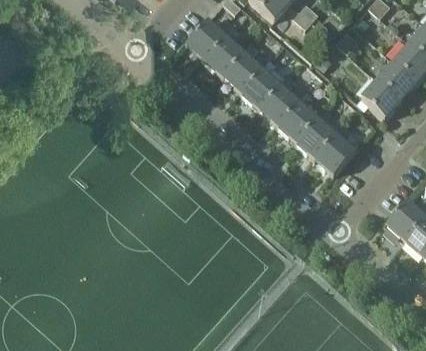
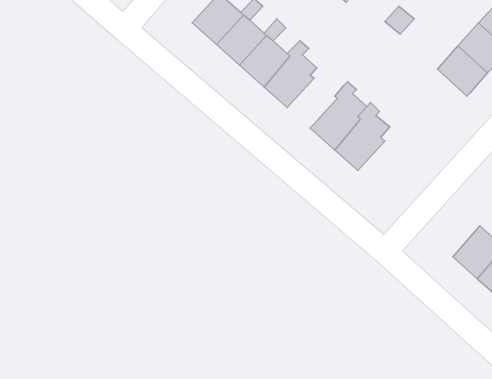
building: [258,74,302,126] -> none
building: [359,80,398,119] -> none
building: [313,122,353,176] -> none

